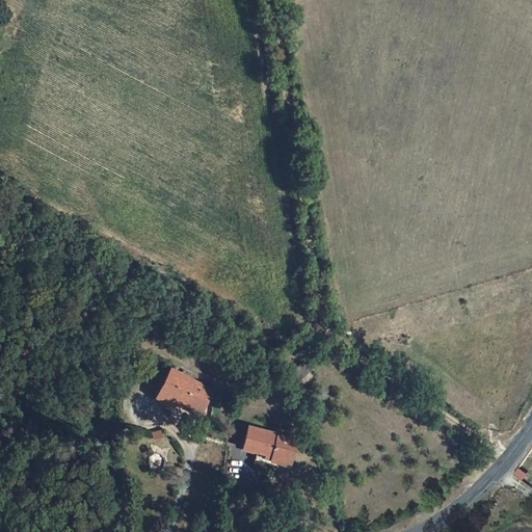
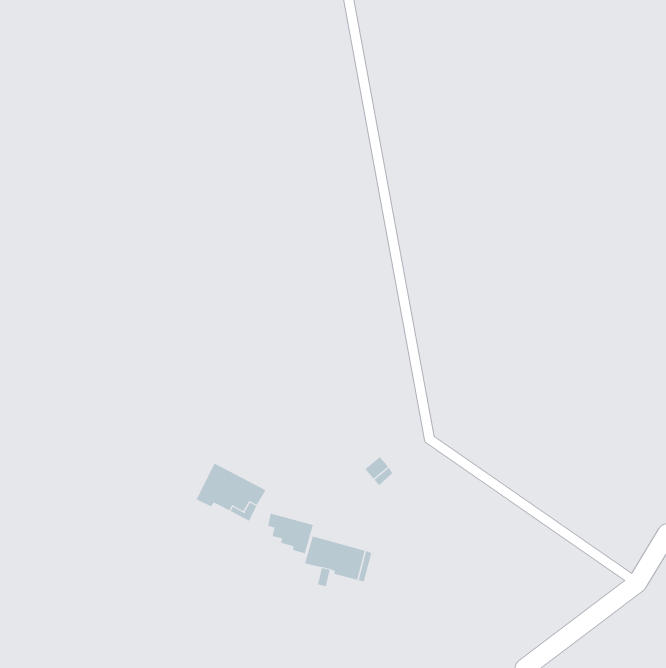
building: none -> [268,513,314,554]

